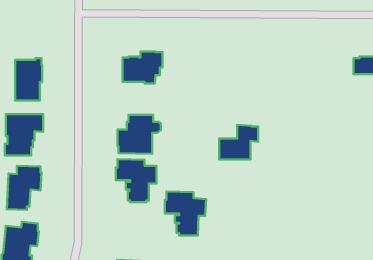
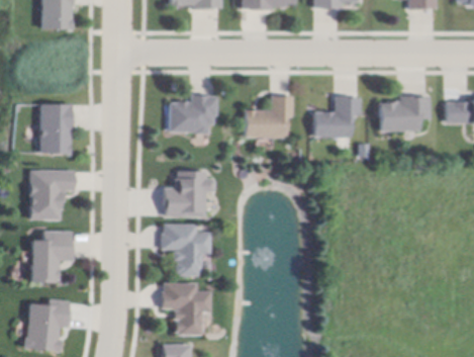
building: none -> [245,95,292,137]
building: none -> [378,95,429,131]
building: [219,125,258,160] -> [313,95,360,137]
building: [165,191,206,235] -> [161,282,210,335]

